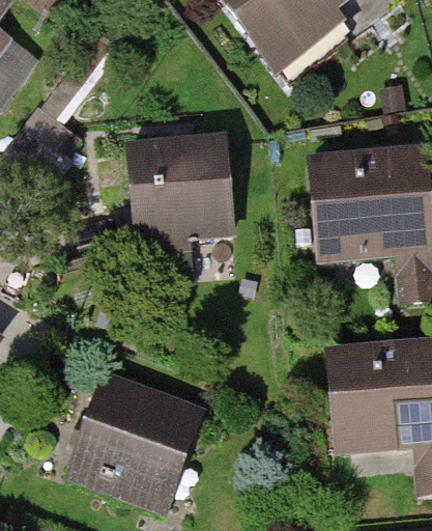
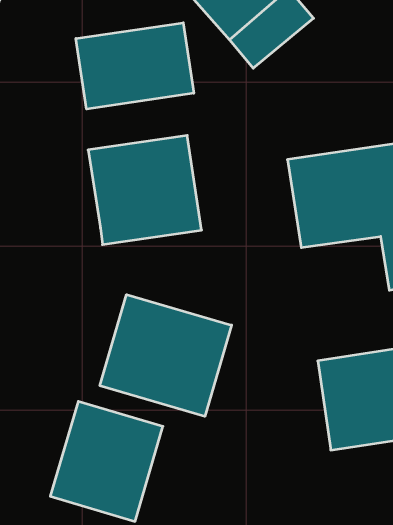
building: none -> [76,23,194,109]
building: none -> [100,295,232,416]

